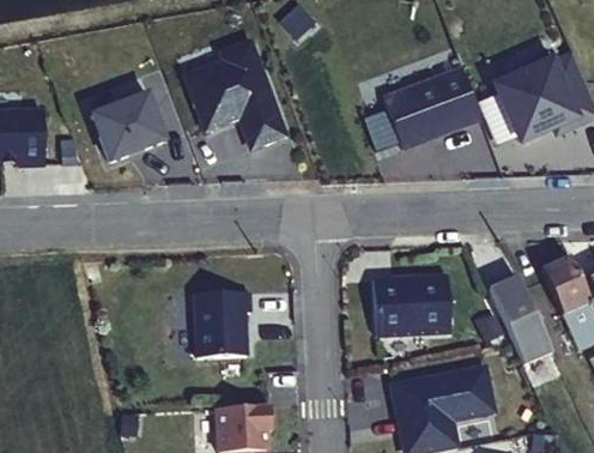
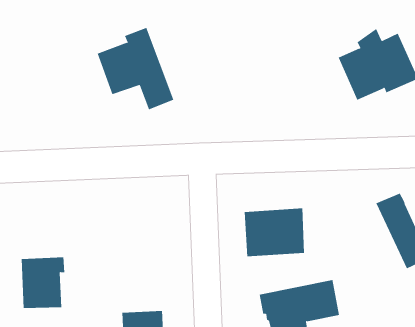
building: [381,70,478,150] -> none
building: [91,95,164,163] -> none
building: [487,274,552,364] -> none
building: [194,291,250,357] -> [21,257,65,309]

